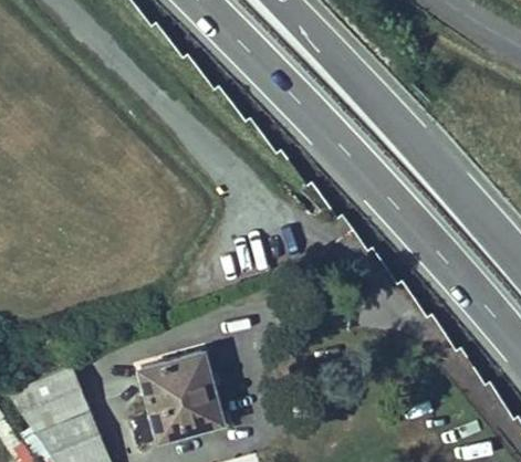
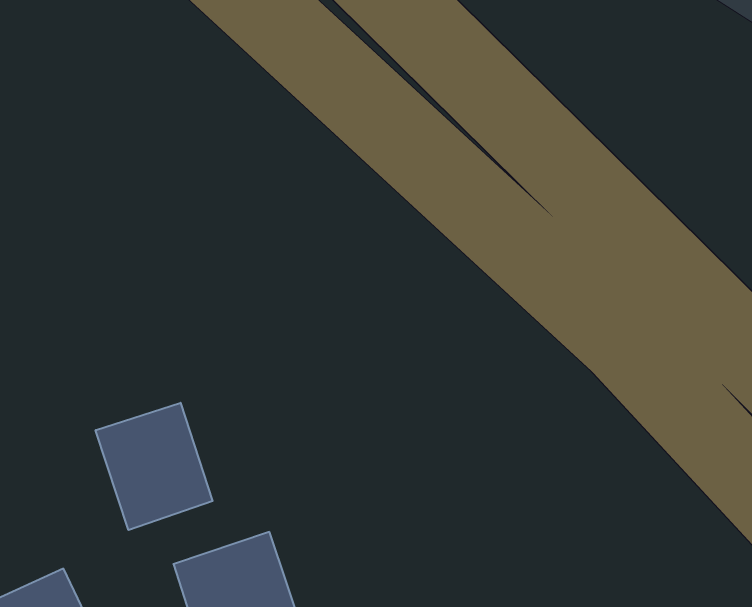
building: none -> [96,403,213,530]

